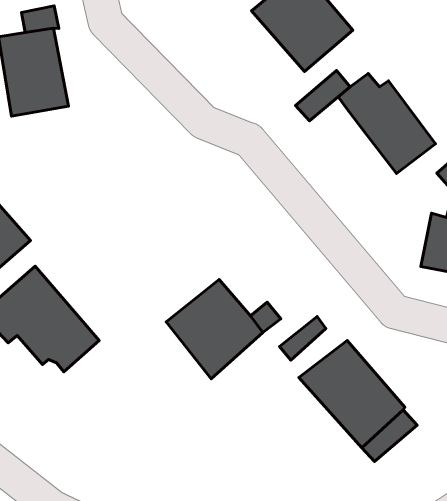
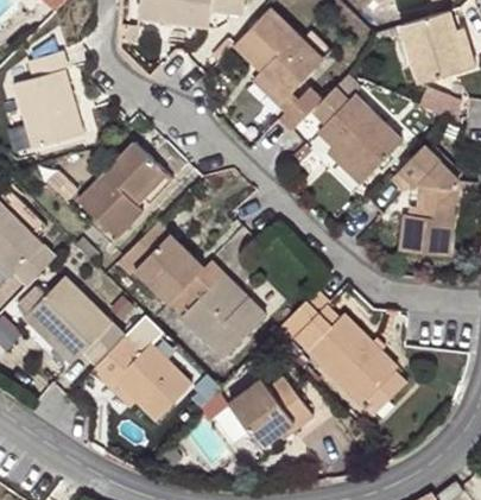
building: none -> [77,139,176,239]
building: none -> [125,217,214,304]
building: none -> [94,337,194,425]
building: none -> [226,379,311,451]

